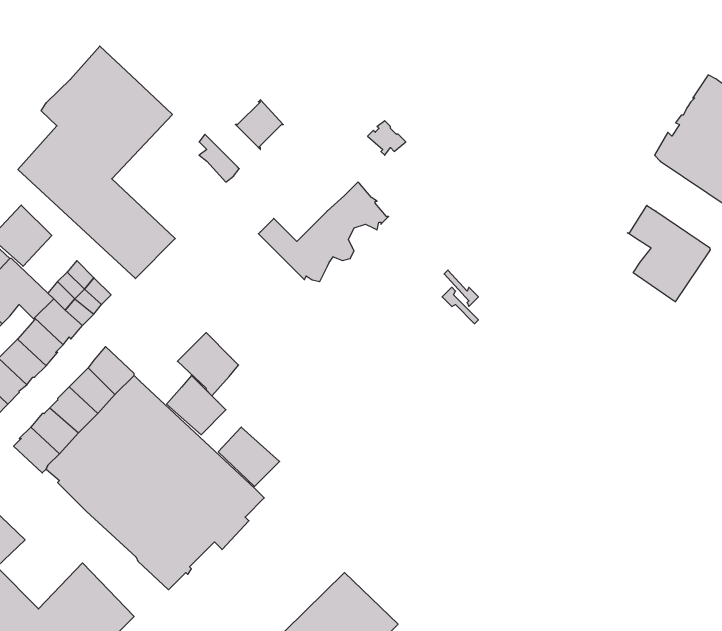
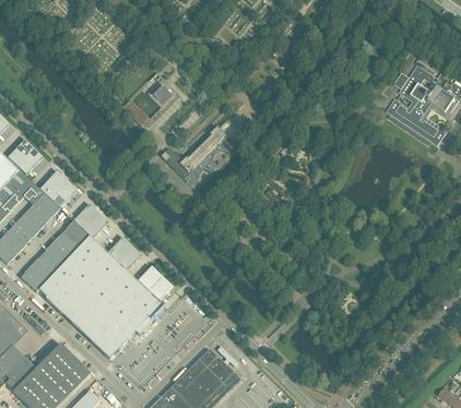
building: [18,46,175,279] -> none
building: [627,205,710,302] -> none
building: [177,333,239,396] -> [73,204,108,240]

